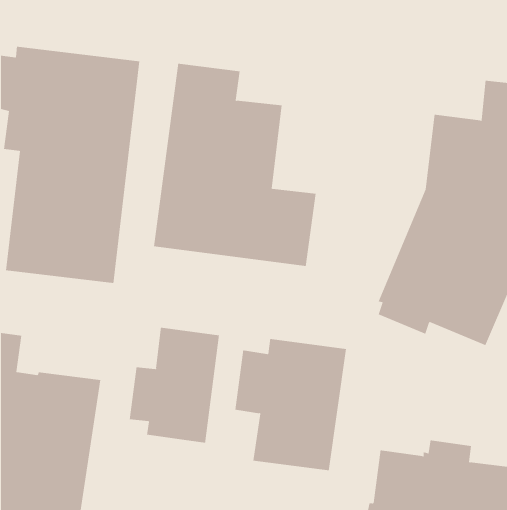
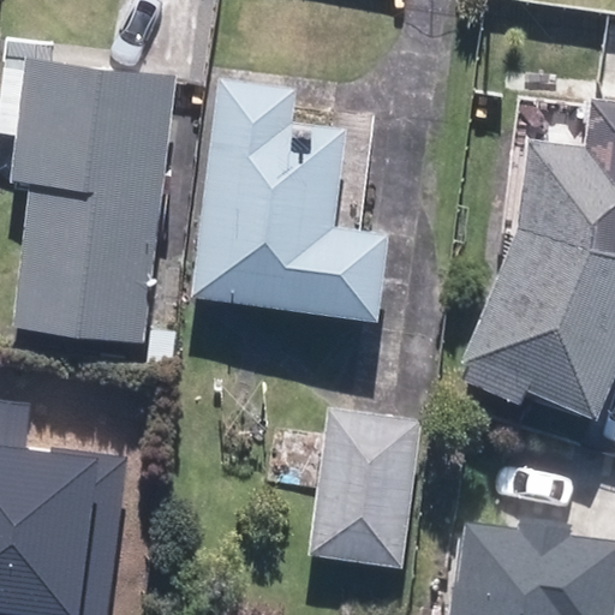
building: [129,327,219,443] -> none

